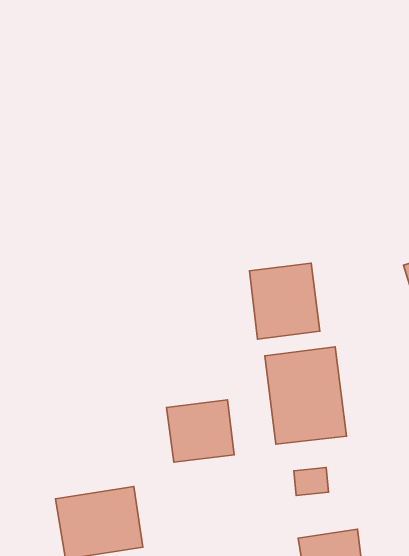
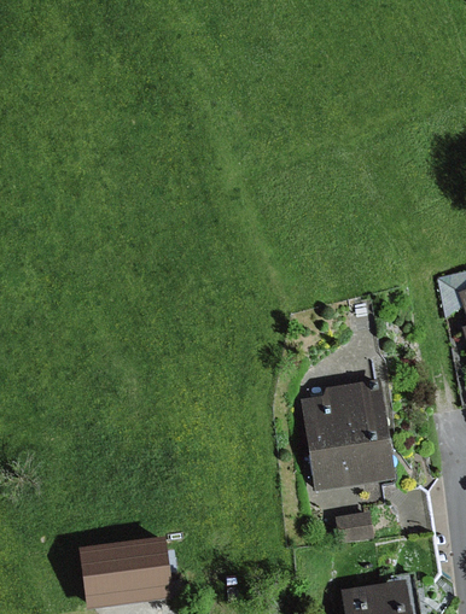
building: [249,263,320,339] -> none
building: [167,400,234,462] -> none

